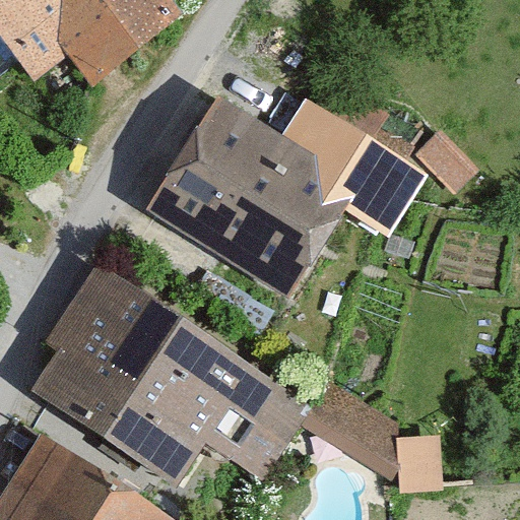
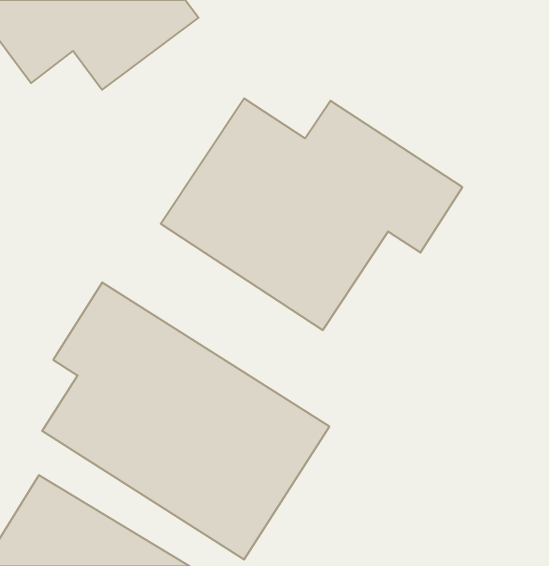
building: [289,374,434,489] -> none

